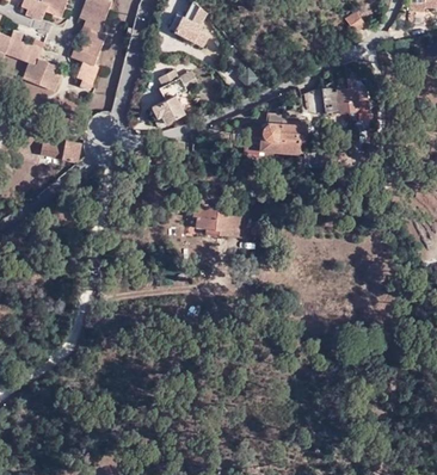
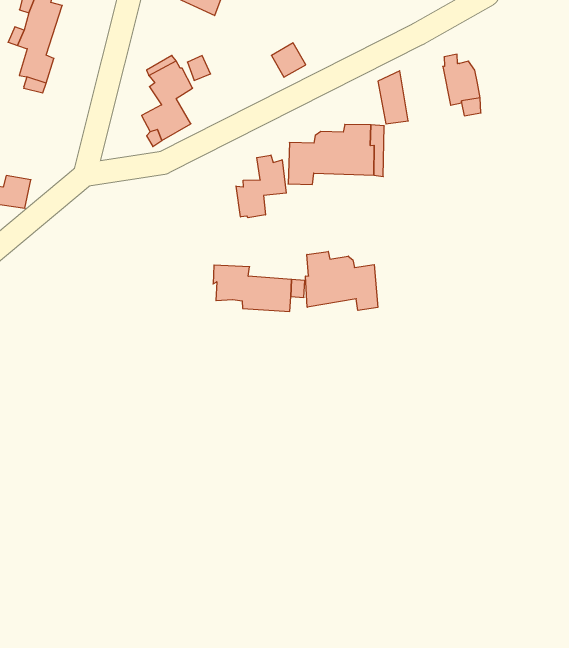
building: [322,84,350,116] -> none
building: none -> [236,155,286,218]
building: none -> [306,251,378,310]

